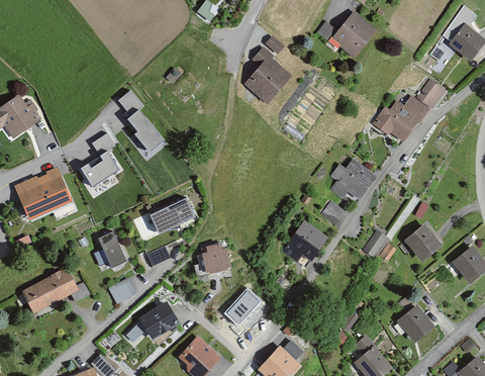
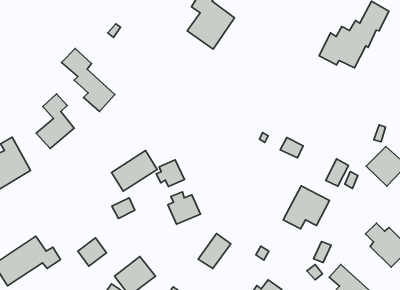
building: [328,159,377,201] -> none
building: none -> [156,160,184,186]
building: [281,220,329,263] -> [283,186,330,229]
building: [97,231,126,267] -> none

